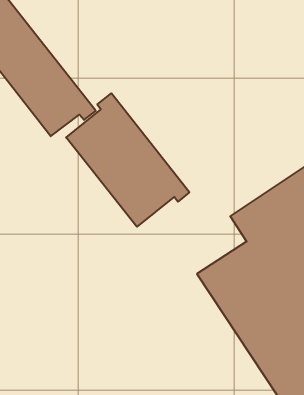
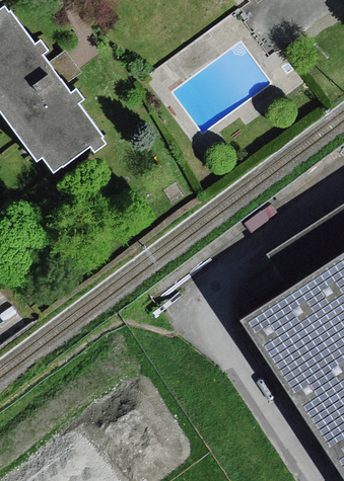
building: [66,93,189,227] -> none

